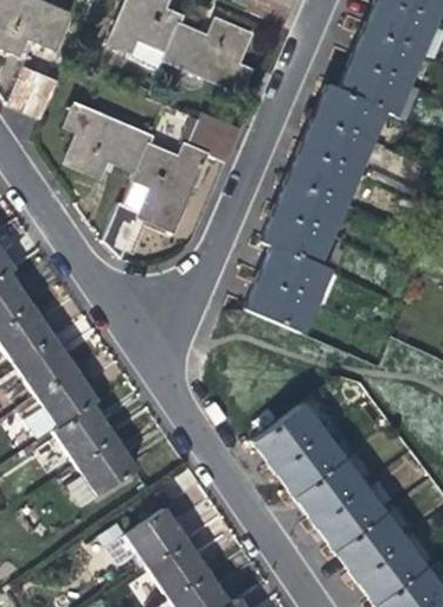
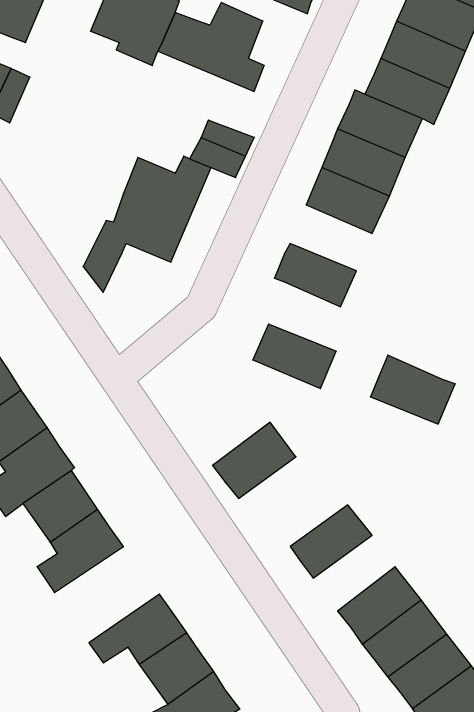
building: [64,107,153,180] -> none
building: [275,184,342,238] -> none
building: [257,248,327,305] -> [370,355,455,424]
building: [253,403,322,466] -> [213,422,296,498]
building: [294,456,361,519] -> none

